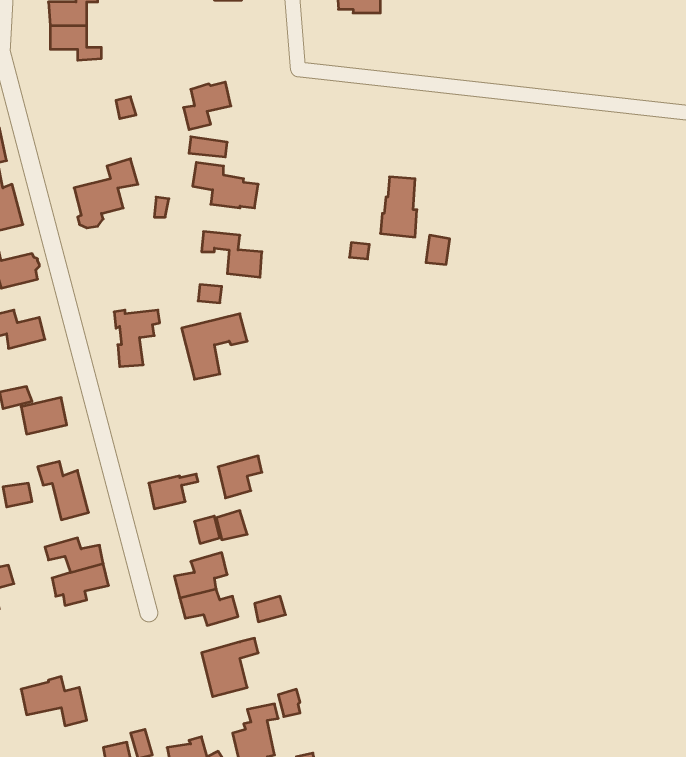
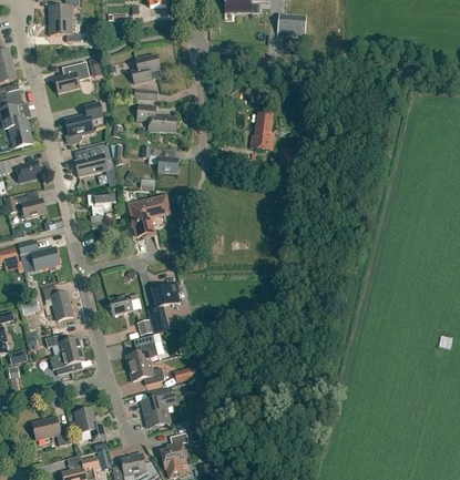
building: none -> [277,13,306,38]
building: none -> [54,63,90,93]
building: none -> [75,144,109,177]
building: none -> [75,409,105,441]

